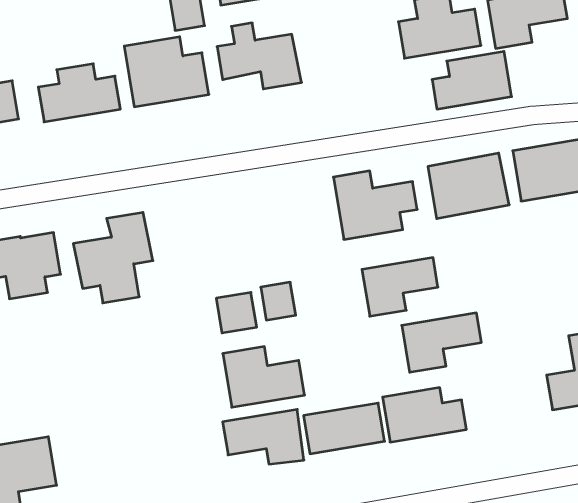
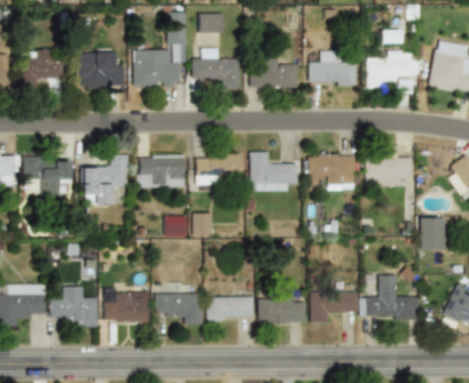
building: [432,51,512,109] -> [249,60,297,89]
building: none -> [137,155,184,188]
building: [362,258,438,316] -> [196,155,241,185]
building: [402,313,481,372] -> [311,292,359,322]
building: [223,347,305,407] -> [103,288,150,322]
building: none -> [51,286,99,326]

